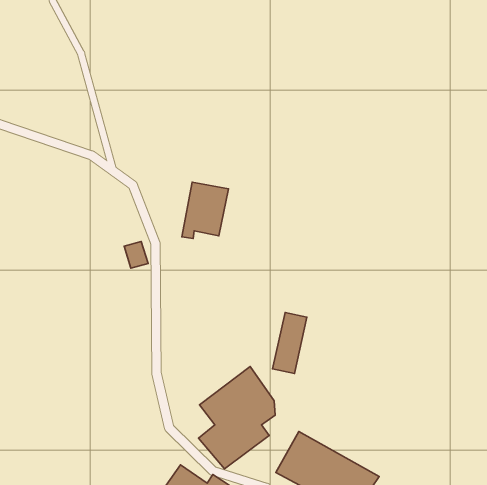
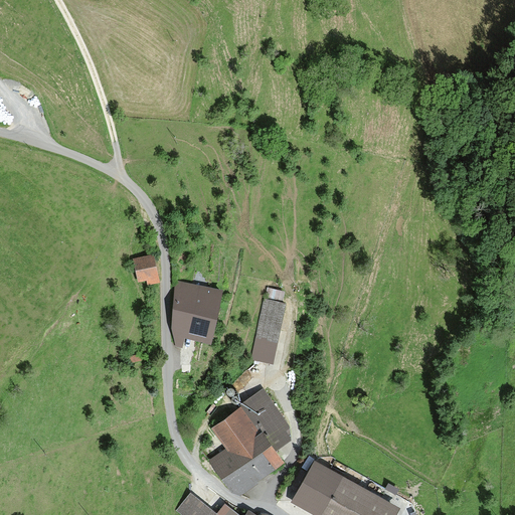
building: [182,182,229,239] -> [170,287,219,346]
building: [273,312,307,373] -> [249,302,286,366]

